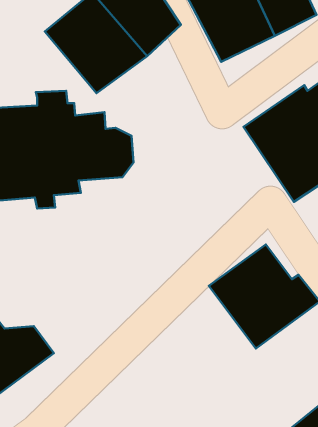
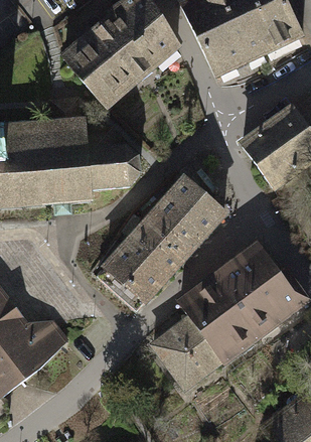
building: none -> [99,174,230,310]
building: none -> [152,282,250,387]

